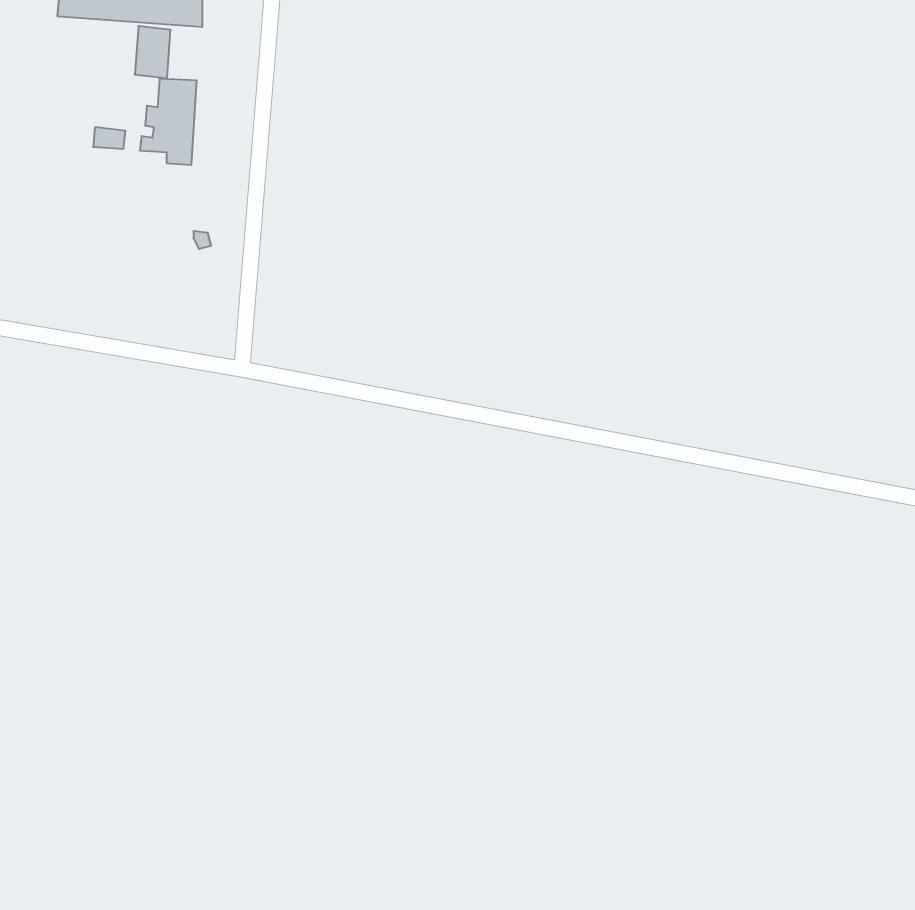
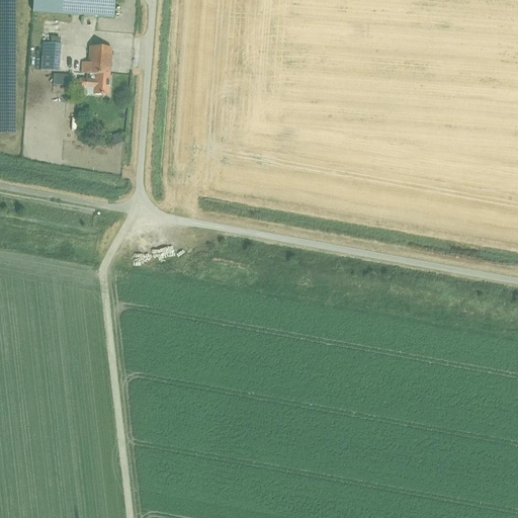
building: [135,26,171,78] -> [40,40,61,70]

